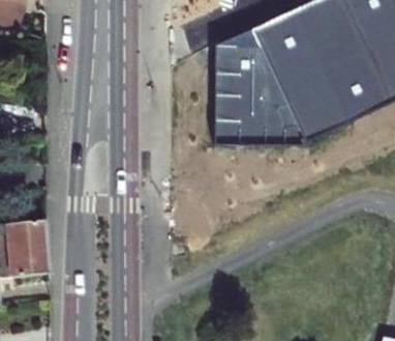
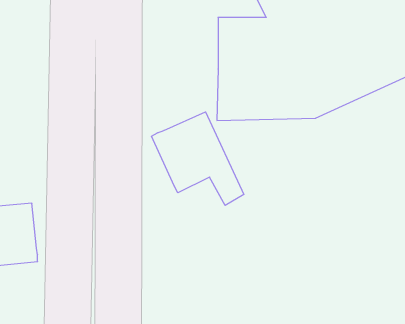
building: none -> [152,112,244,205]

